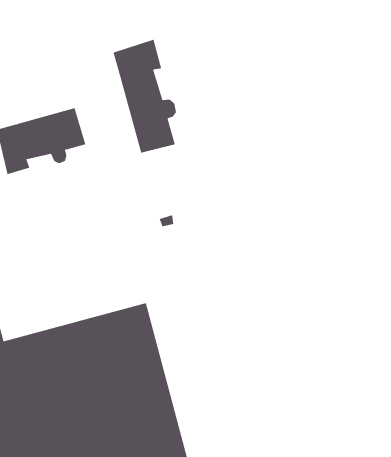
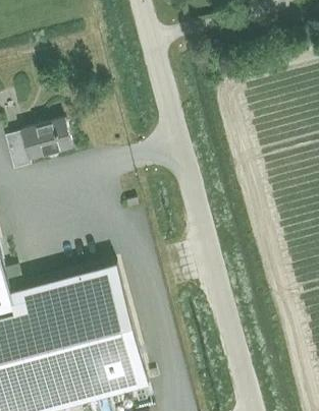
building: [113,39,177,154] -> none

